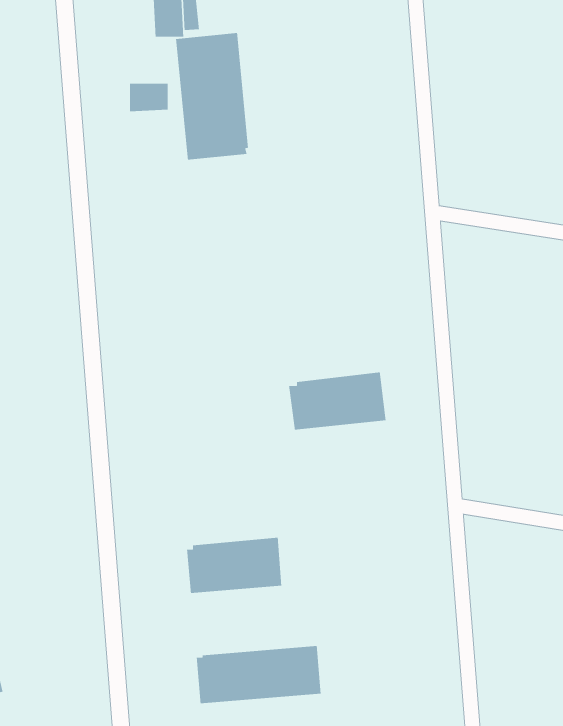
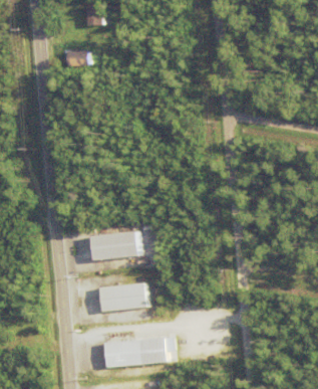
building: [175,32,249,160] -> none
building: [288,372,386,430] -> [89,230,139,260]

